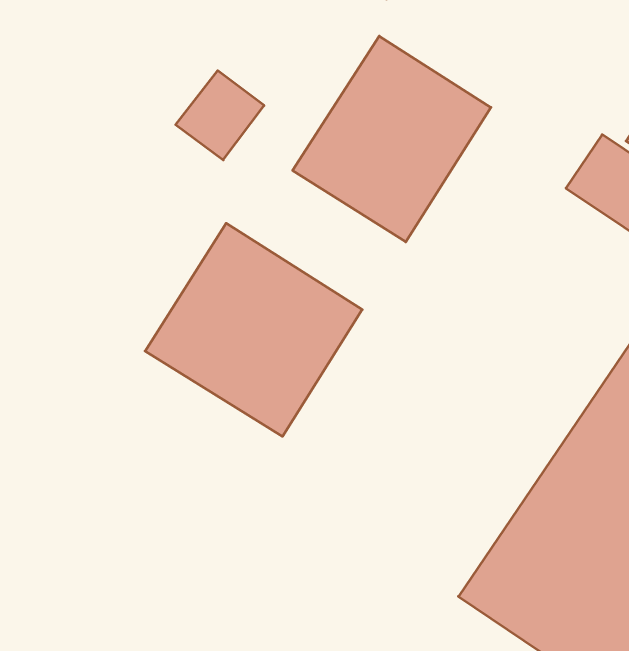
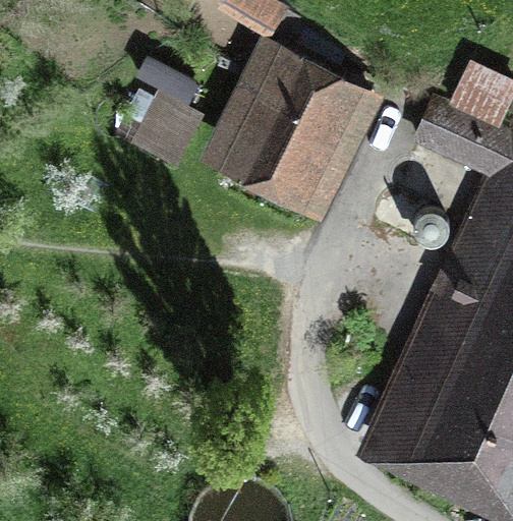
building: [145,223,362,436] -> none

